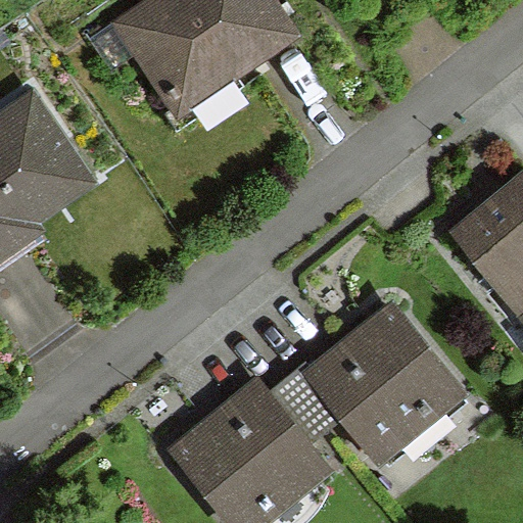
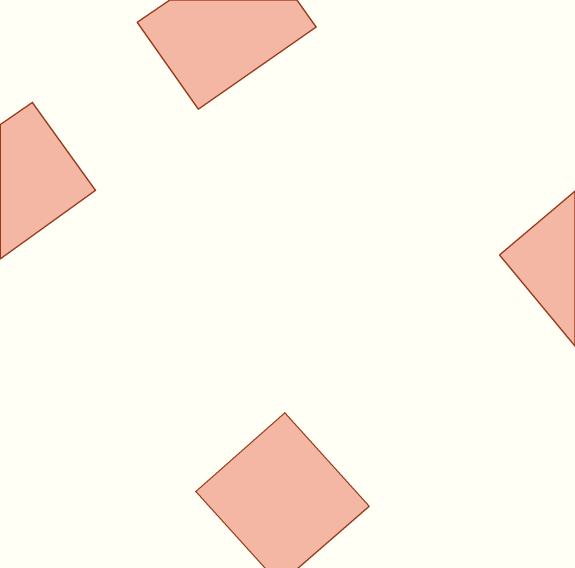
building: [311,302,468,460] -> none

